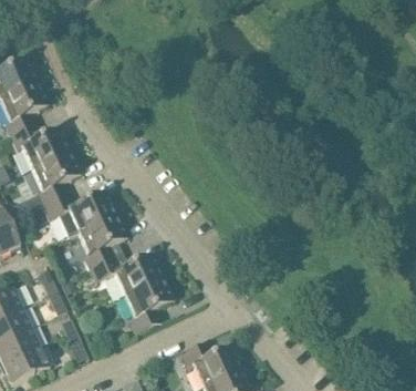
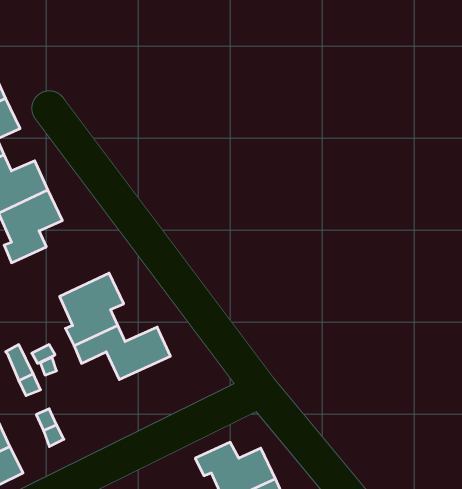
building: [41,192,115,236] -> none
building: [123,277,173,332] -> none

